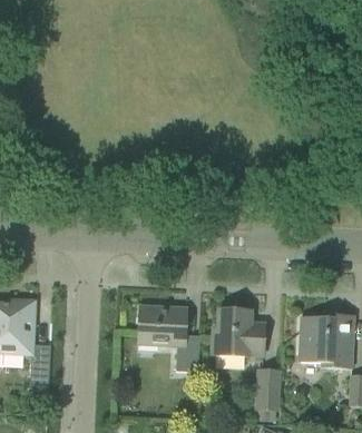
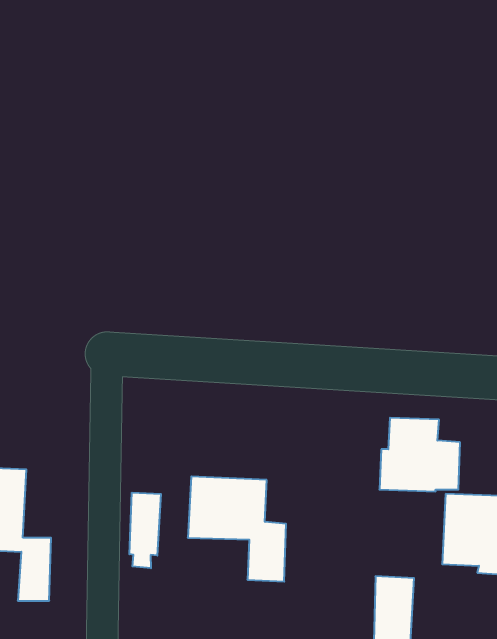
building: [213,308,264,355] -> [379,418,460,491]
building: none -> [129,493,161,568]

